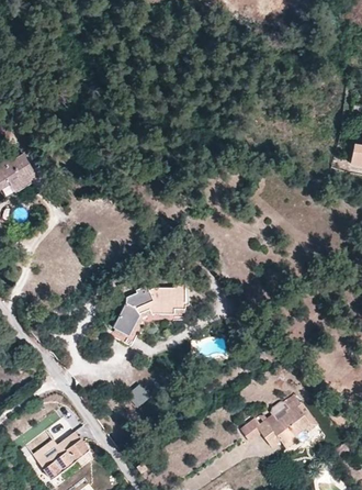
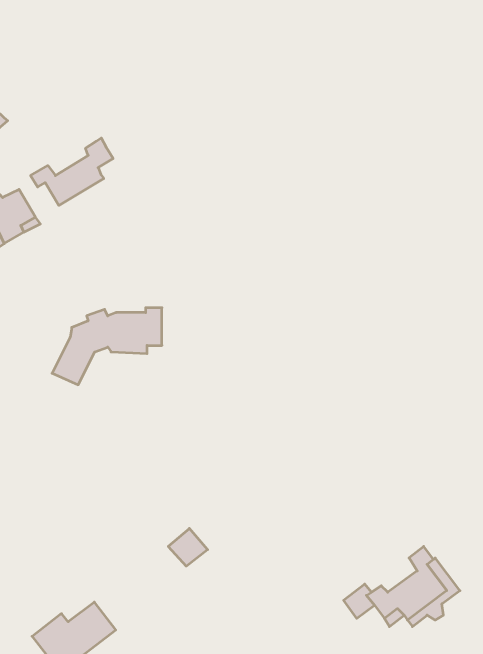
building: none -> [31,138,113,205]
building: [111,285,184,336] -> [52,308,162,385]

